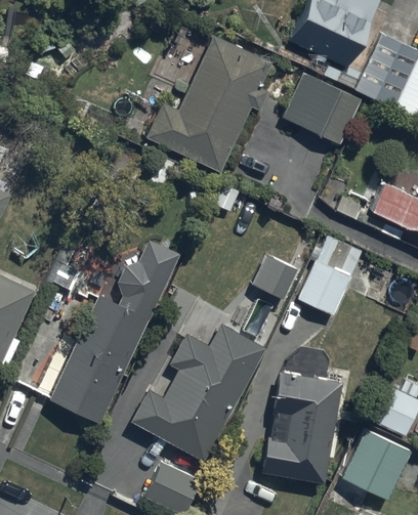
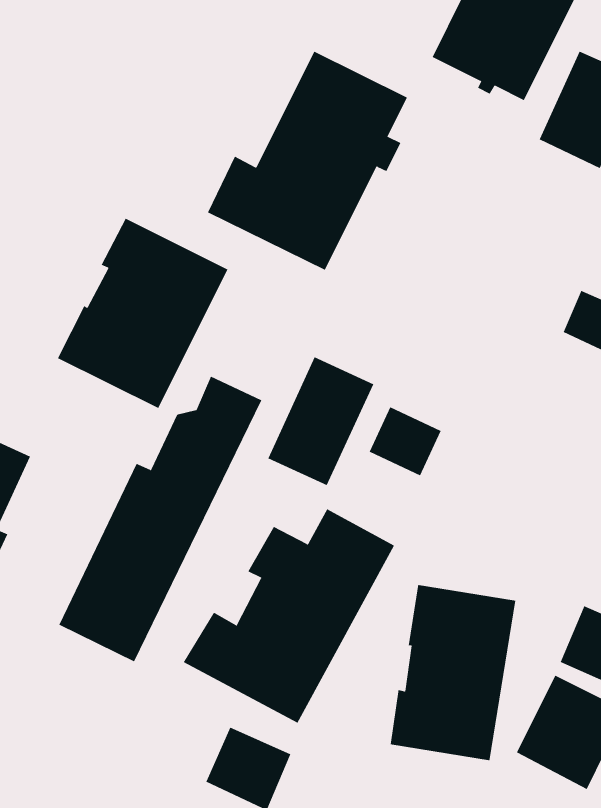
building: [284,76,358,144] -> none
building: none -> [57,218,228,409]
building: [296,235,364,317] -> [267,357,374,486]

